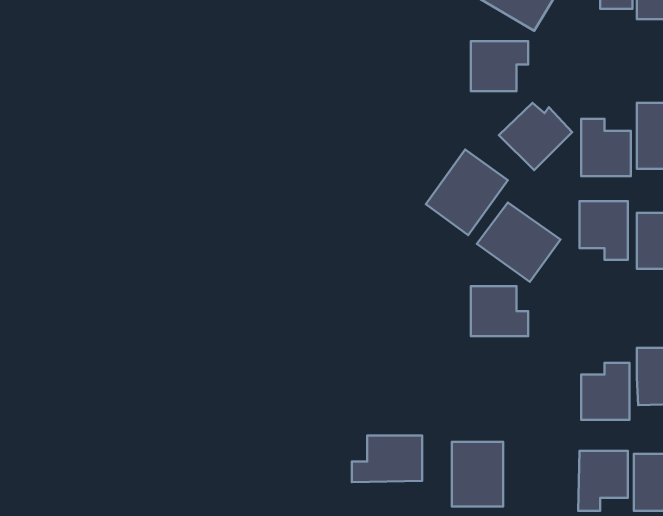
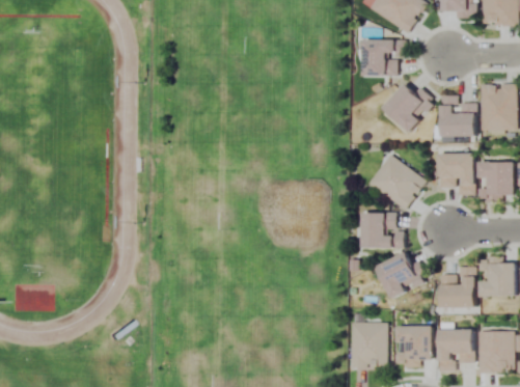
building: [426,149,508,235] -> none
building: none -> [377,250,425,298]
building: [352,435,422,482] -> none
building: none -> [396,326,432,367]

